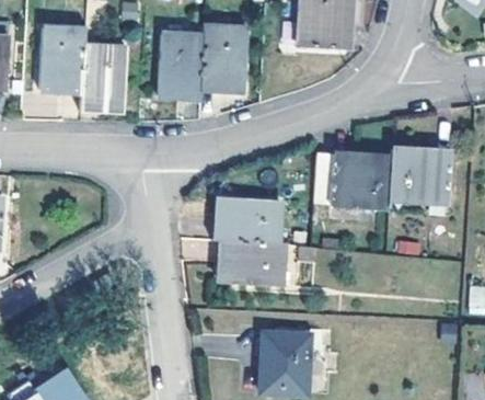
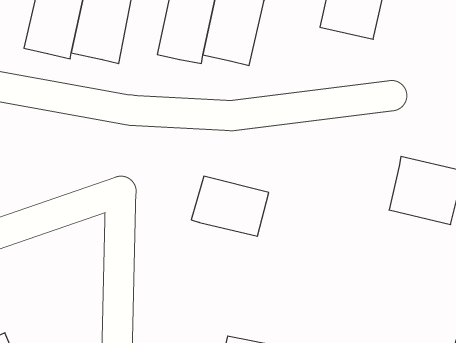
building: [313,150,391,206] -> none
building: [220,238,281,286] -> none

